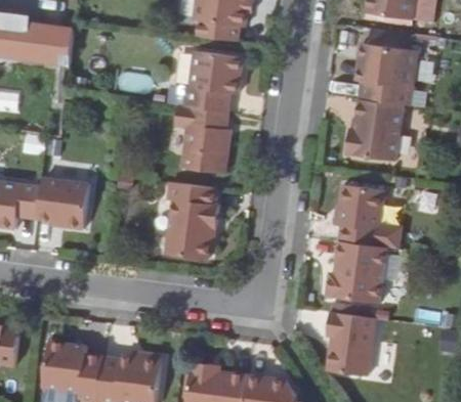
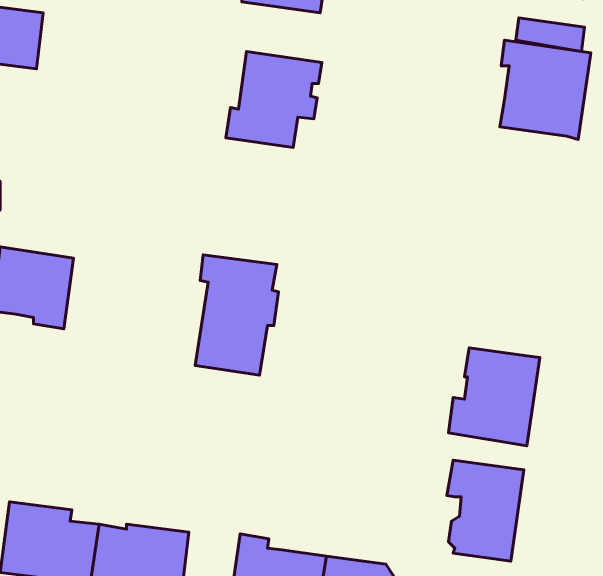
building: [346,101,403,164] -> none
building: [180,108,229,176] -> none
building: [337,185,402,251] -> none

